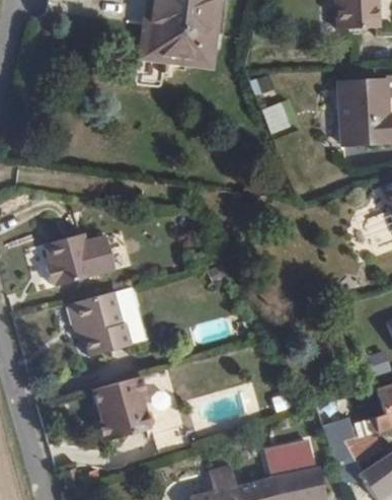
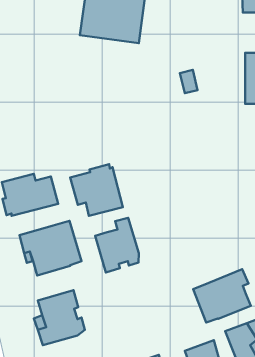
building: none -> [70,164,123,216]
building: none -> [95,218,139,272]
building: none -> [193,269,251,322]

